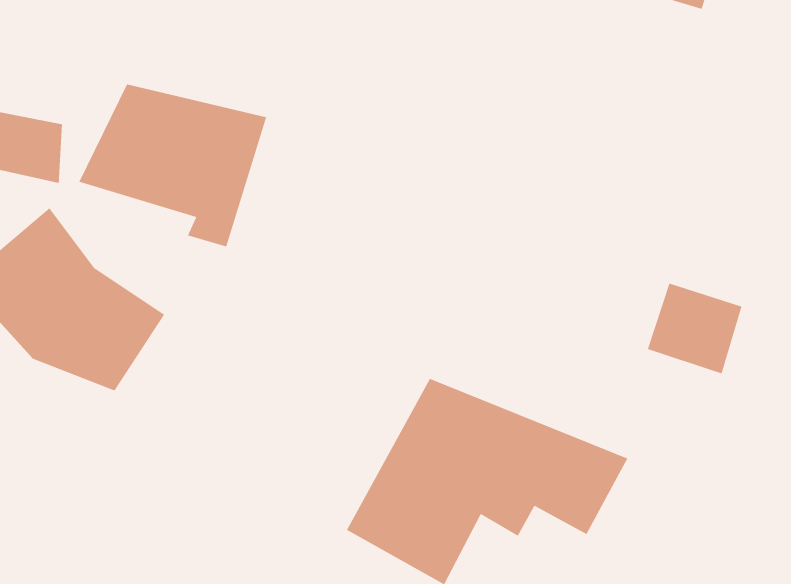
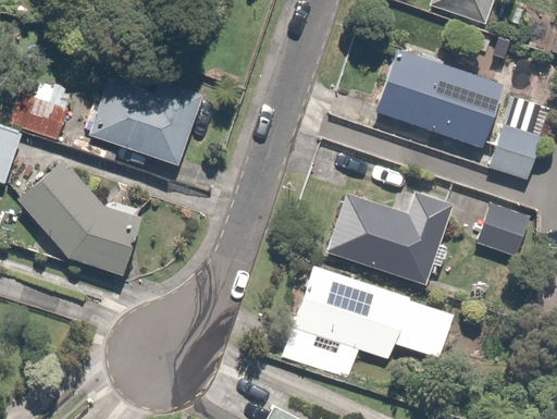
building: none -> [362,39,499,151]
building: none -> [475,128,530,181]
building: none -> [313,183,443,287]

